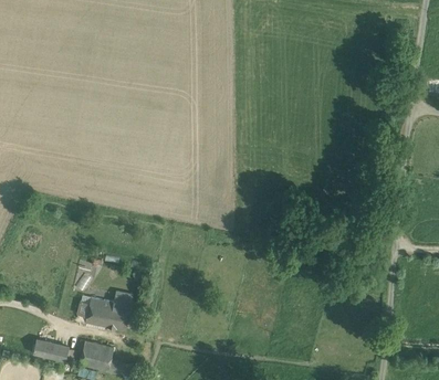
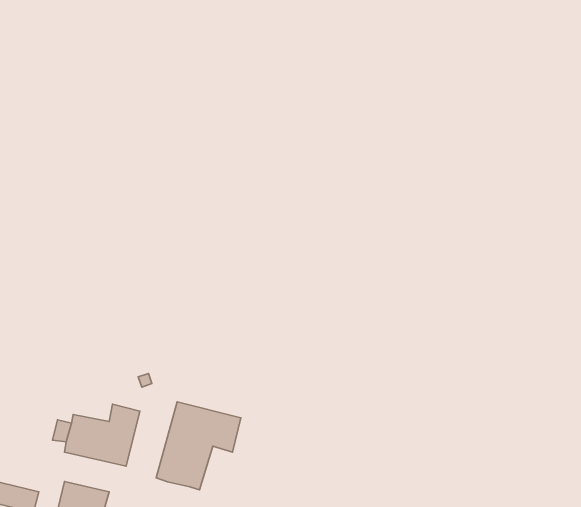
building: none -> [156,402,241,490]

